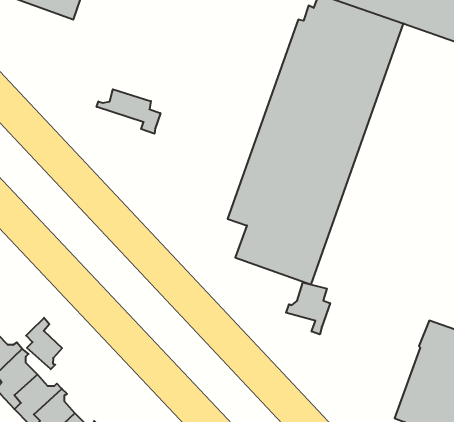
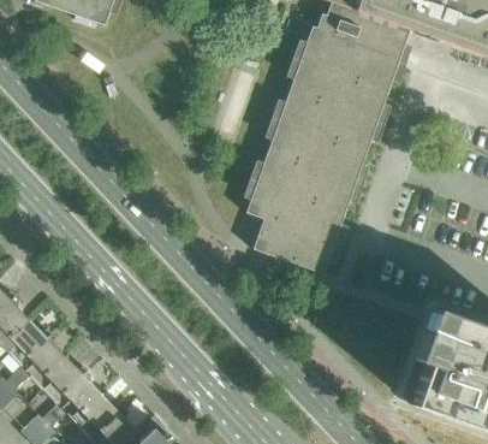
building: [97,89,160,134] -> none
building: [286,282,330,334] -> none
building: [26,318,62,369] -> none

